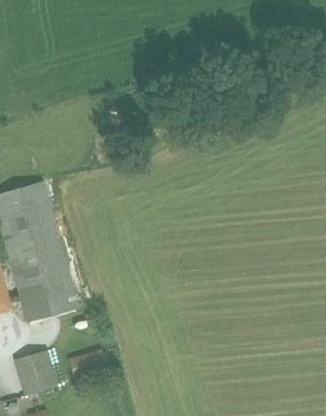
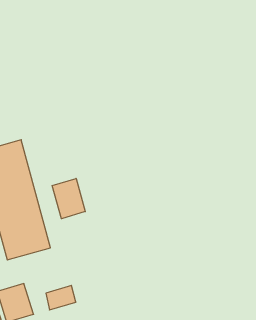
building: none -> [52,178,85,219]

